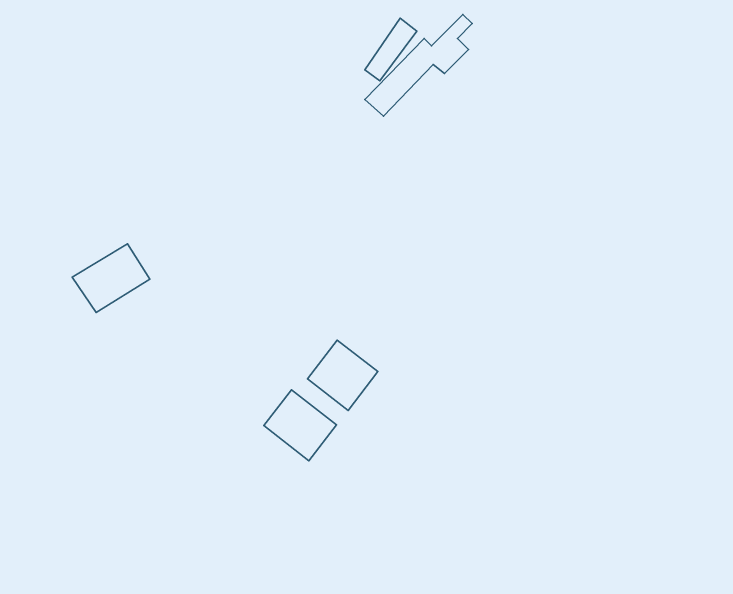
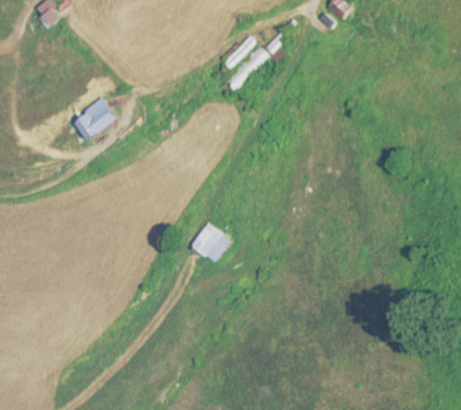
building: [72,244,150,312] -> [72,99,117,139]
building: [264,390,336,461] -> none

